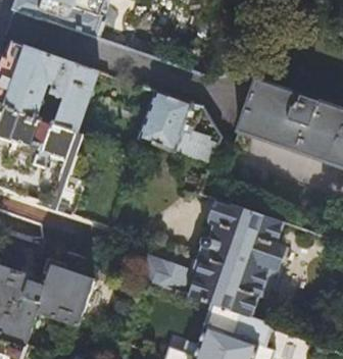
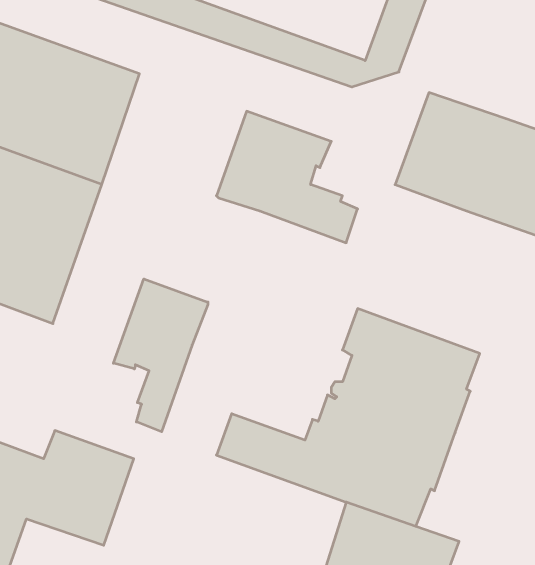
building: none -> [113,279,208,432]

